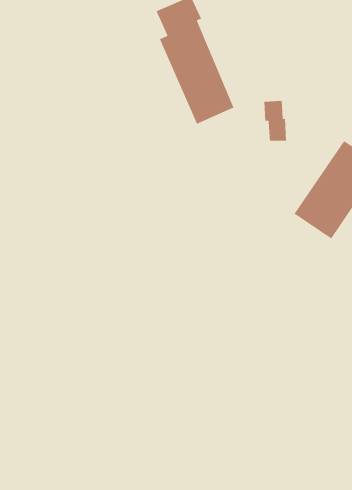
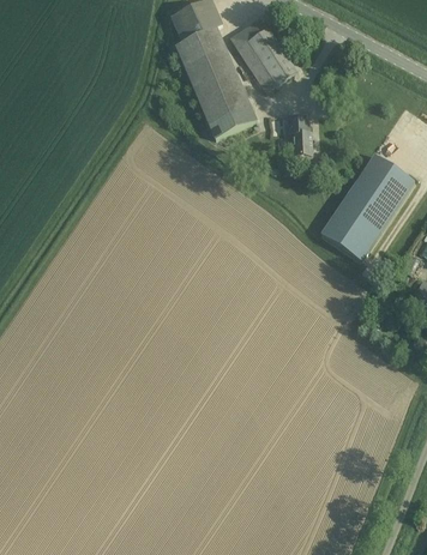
building: none -> [230,16,297,91]

